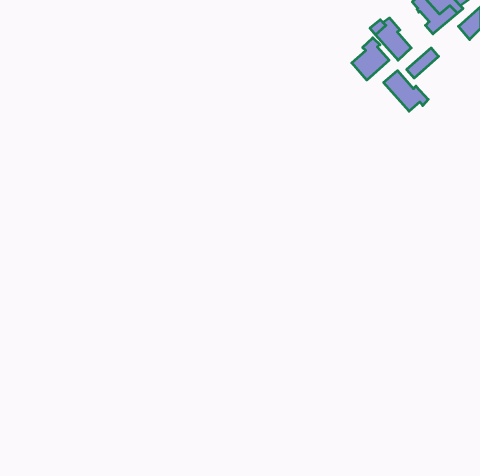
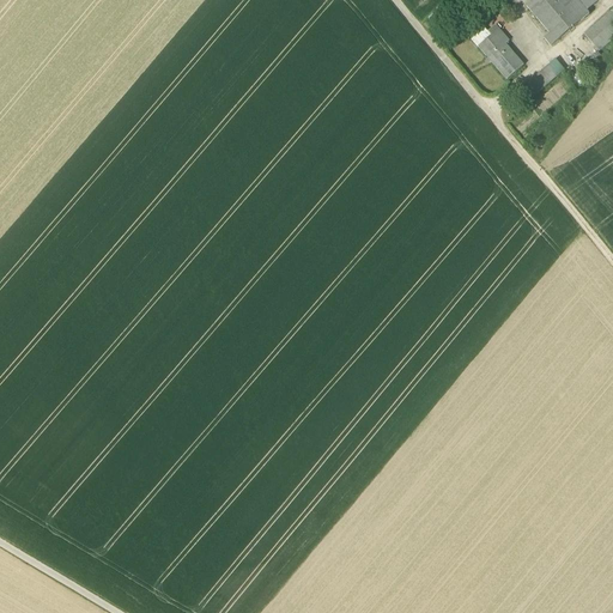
building: [352,38,389,80] -> none
building: [384,71,428,111] -> none

